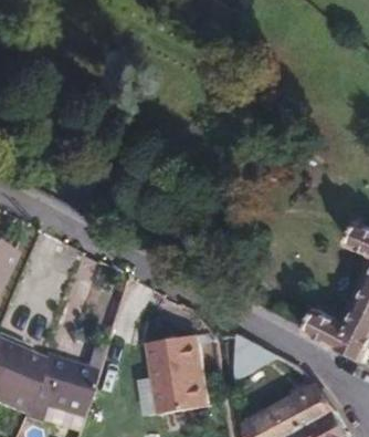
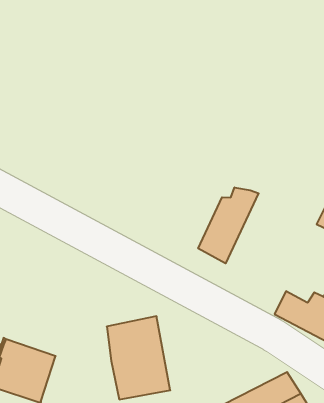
building: none -> [198,187,259,263]
building: [233,333,276,381] -> none

